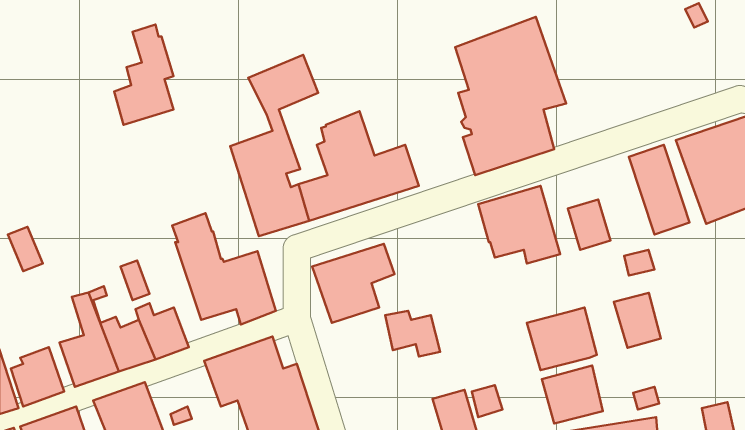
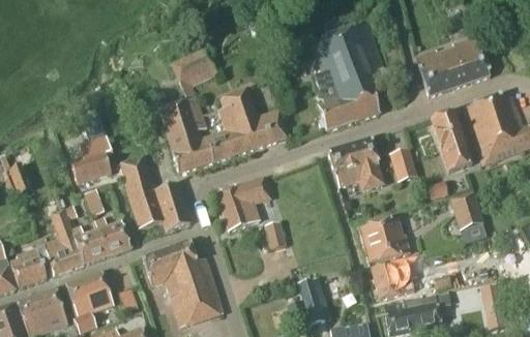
building: [114,24,174,125] -> [70,116,111,184]
building: none -> [416,34,489,95]
building: [614,293,661,348] -> [449,192,481,229]

